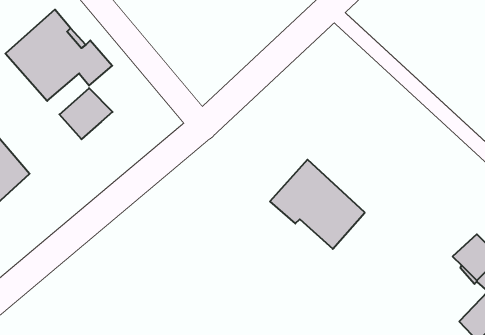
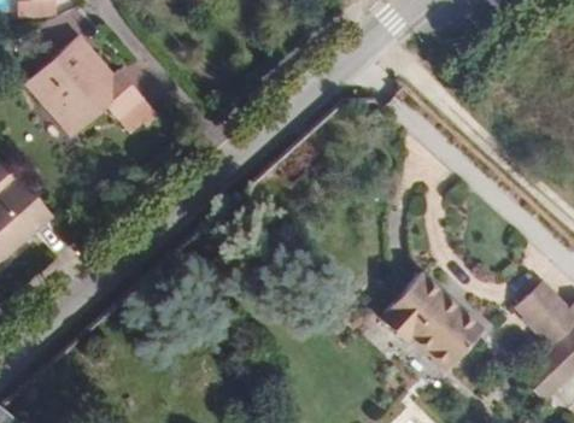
building: [59,88,113,139] -> none
building: [270,160,365,249] -> [379,272,482,370]

